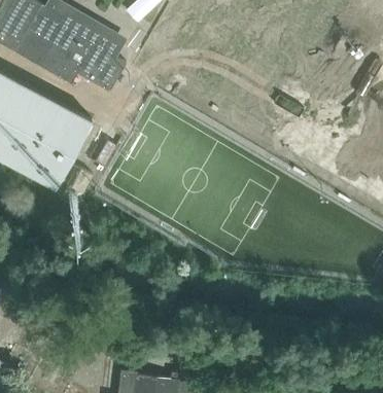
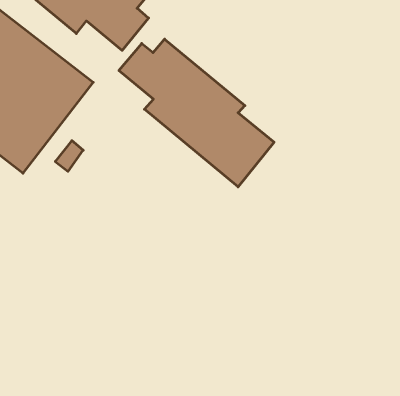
building: none -> [119,39,274,187]

